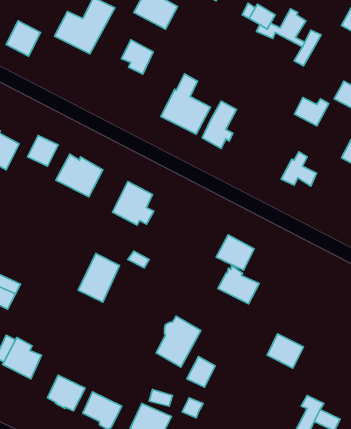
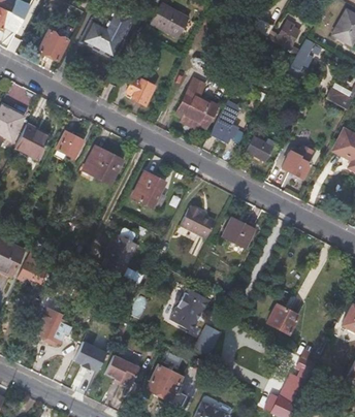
building: [121,40,153,74] -> [126,75,154,105]
building: [295,97,329,126] -> [245,136,275,161]
building: [218,266,259,304] -> [180,204,216,237]

